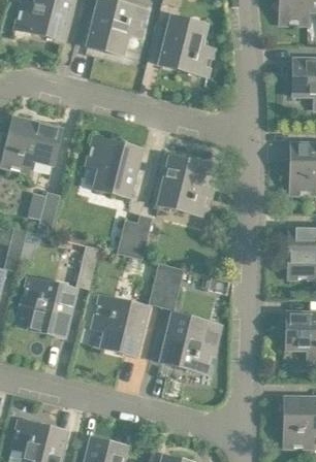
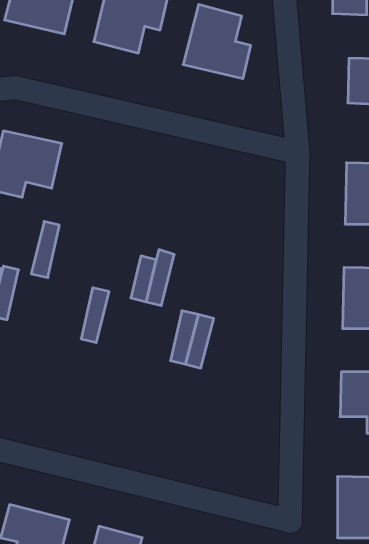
building: [87,136,140,196] -> none
building: [158,156,213,216] -> none
building: [21,277,76,337] -> none
building: [93,295,148,355] -> none
building: [160,312,220,372] -> none

